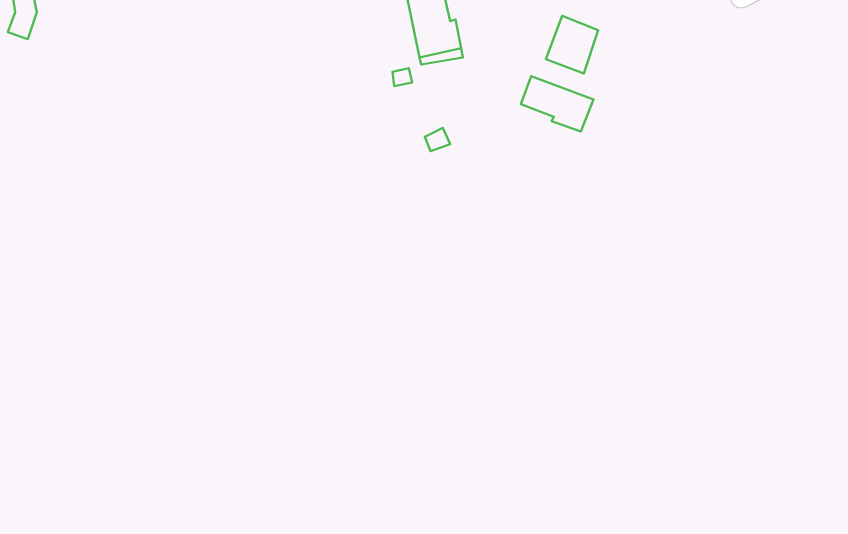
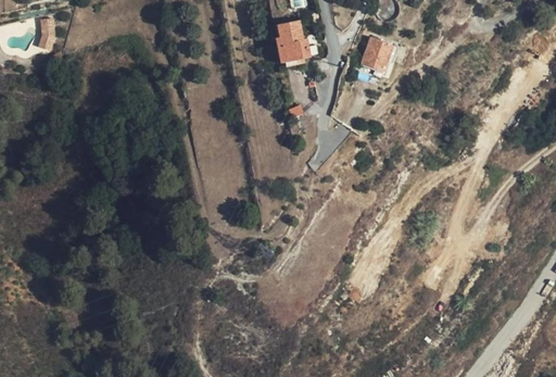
building: [521,76,593,132] -> none

